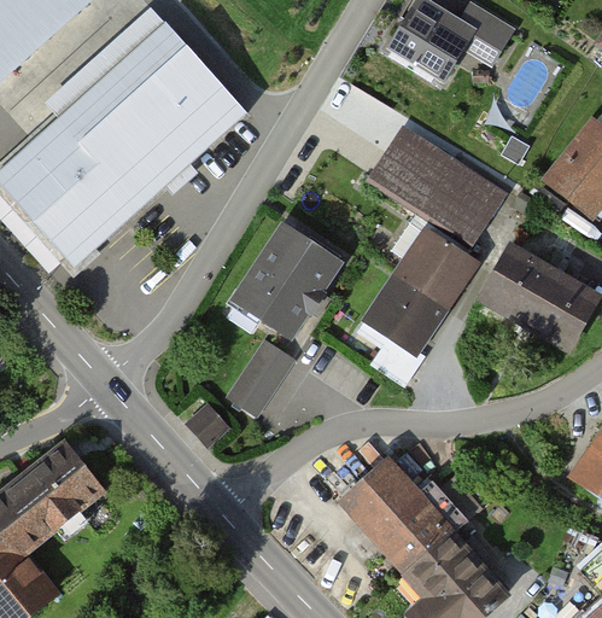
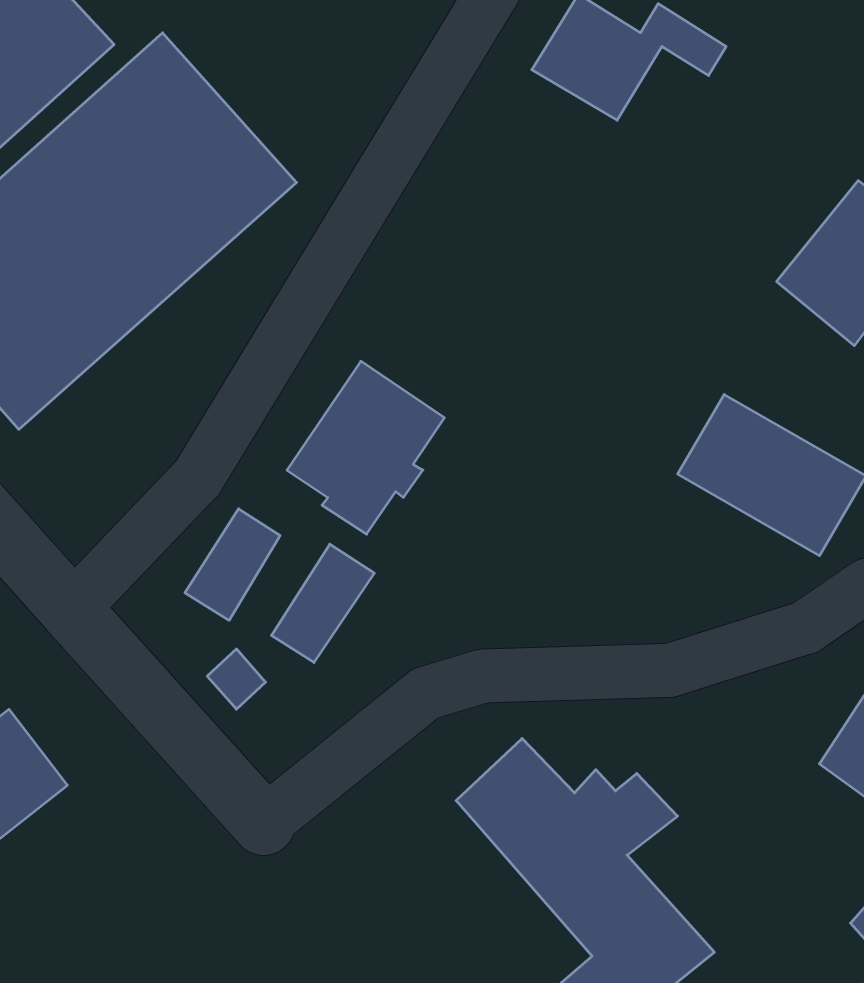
building: [368,130,502,381] -> none
building: none -> [185,509,280,620]

